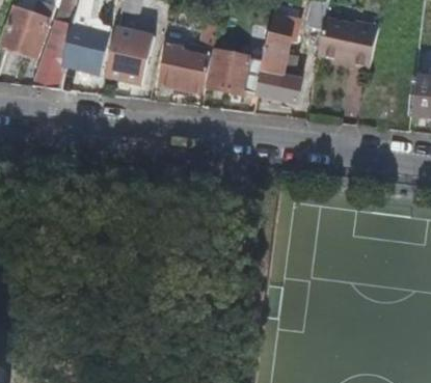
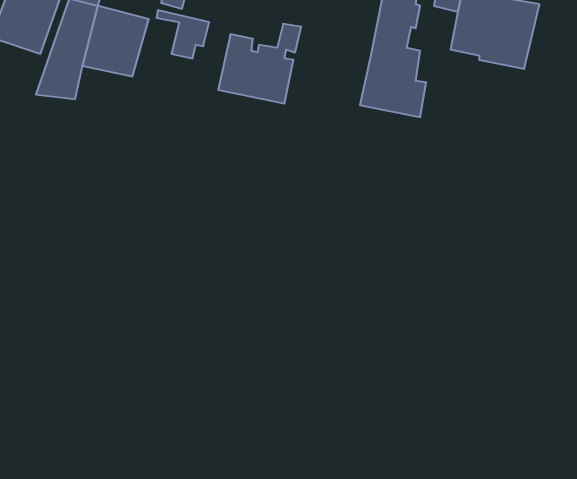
building: [105,32,145,83] -> none
building: [208,50,263,94] -> none

